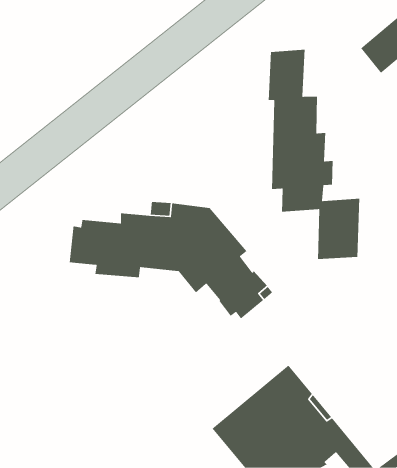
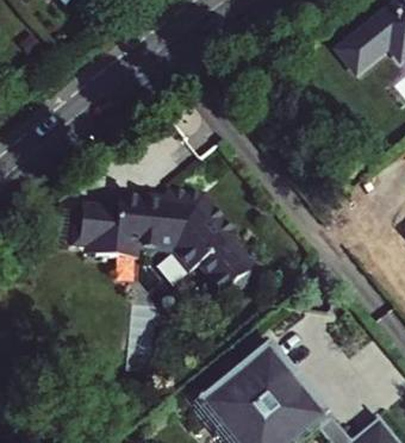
building: [268,49,360,260] -> none

